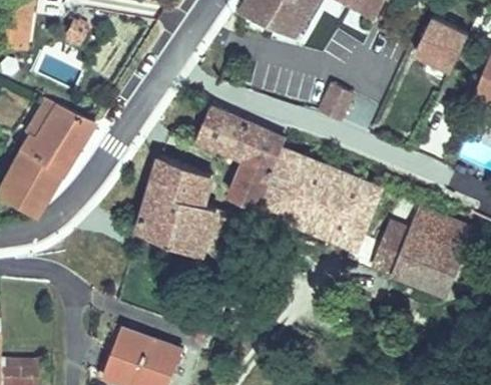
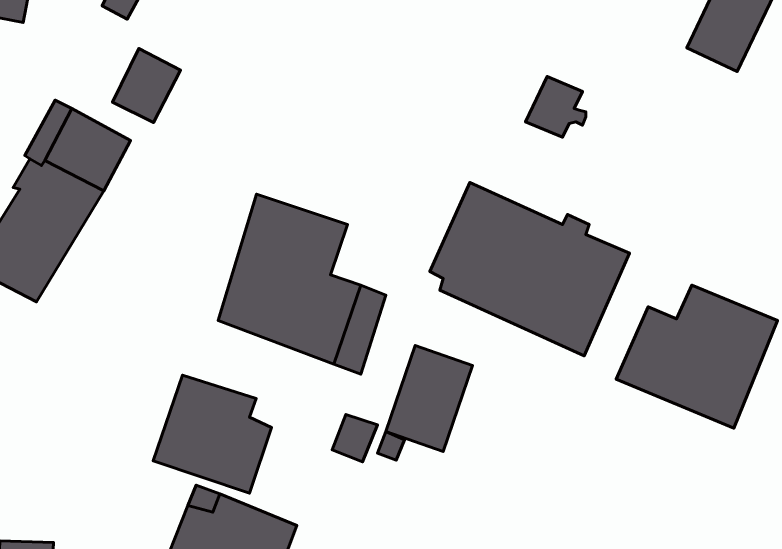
building: none -> [113,49,180,122]
building: [195,103,288,212] -> none
building: none -> [386,346,472,451]
building: none -> [153,375,271,493]

